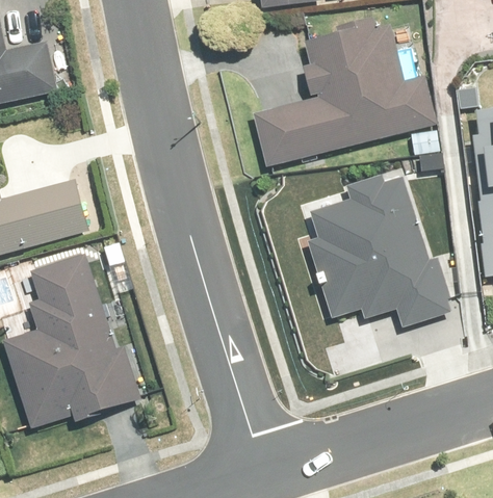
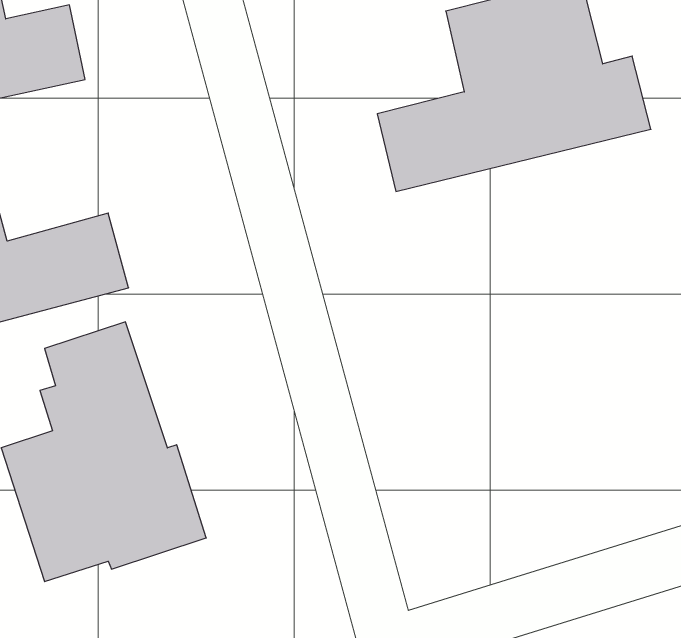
building: [308,174,450,325] -> none

